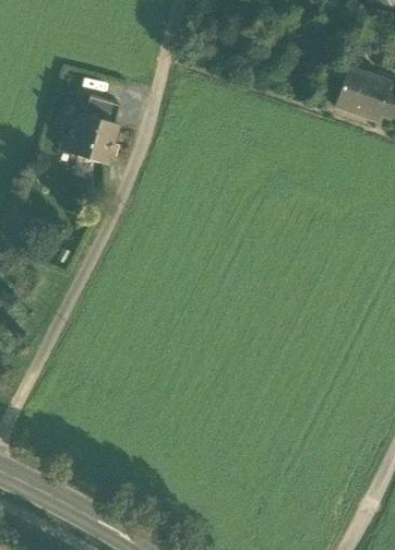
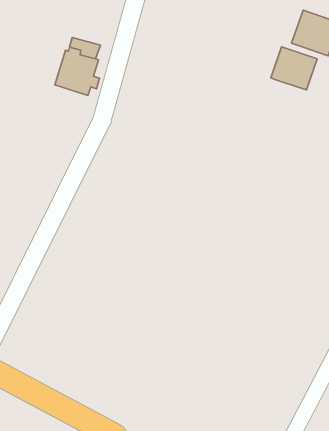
building: none -> [271,47,317,90]

